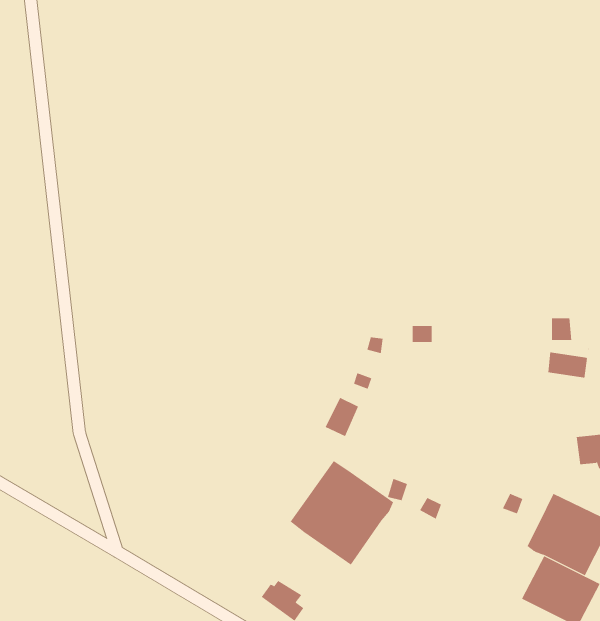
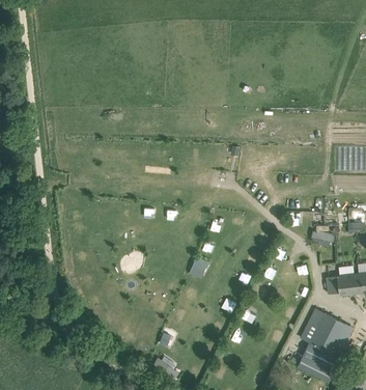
building: [290,460,394,566] -> none

